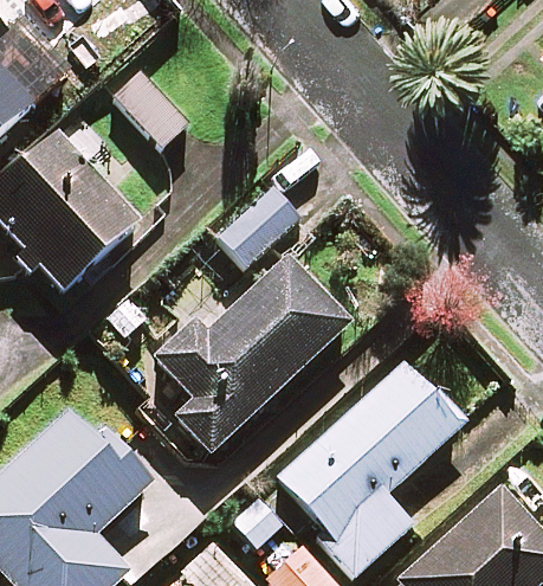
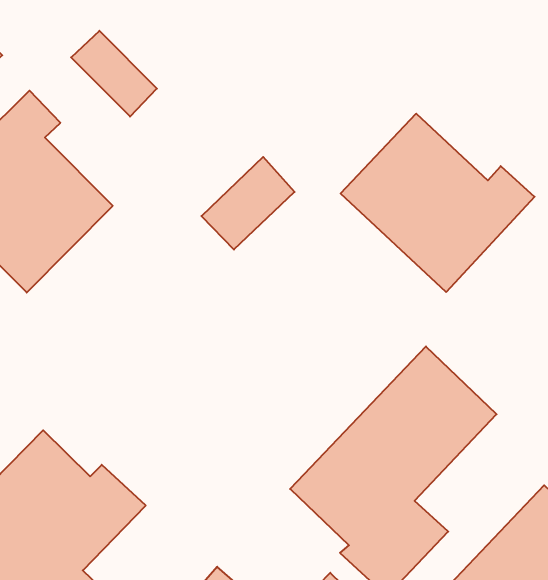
building: none -> [341,114,535,292]
building: [154,256,350,453] -> none

